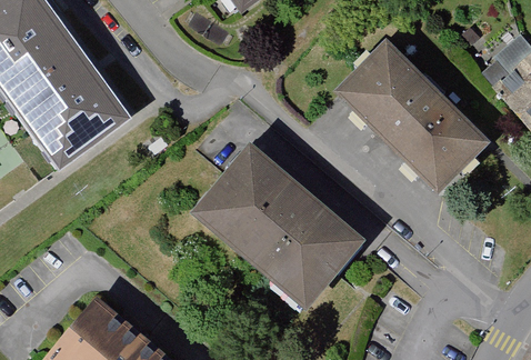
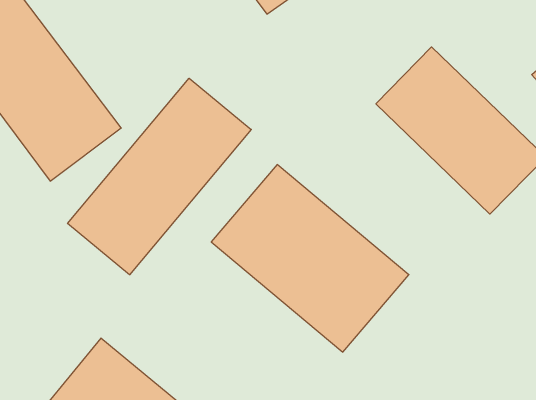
building: none -> [68,78,251,275]

